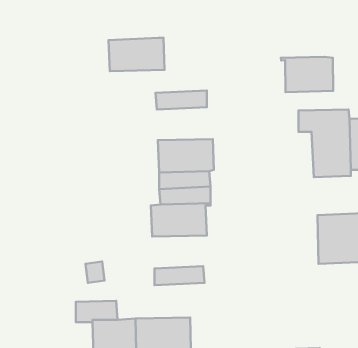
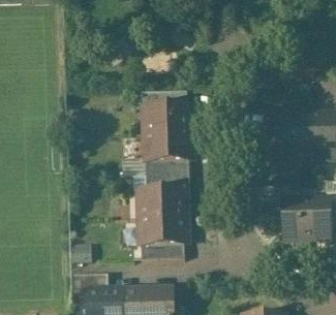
building: [109,38,165,71] -> [143,105,191,134]
building: [281,57,333,92] -> none
building: none -> [139,217,187,246]

